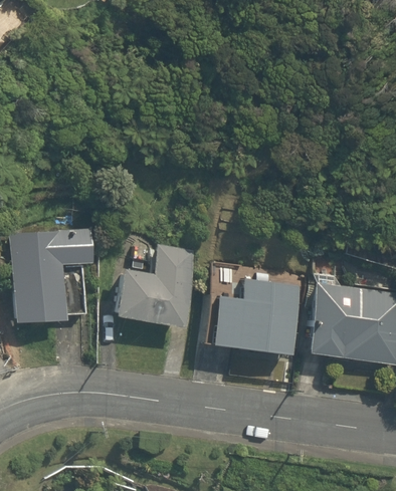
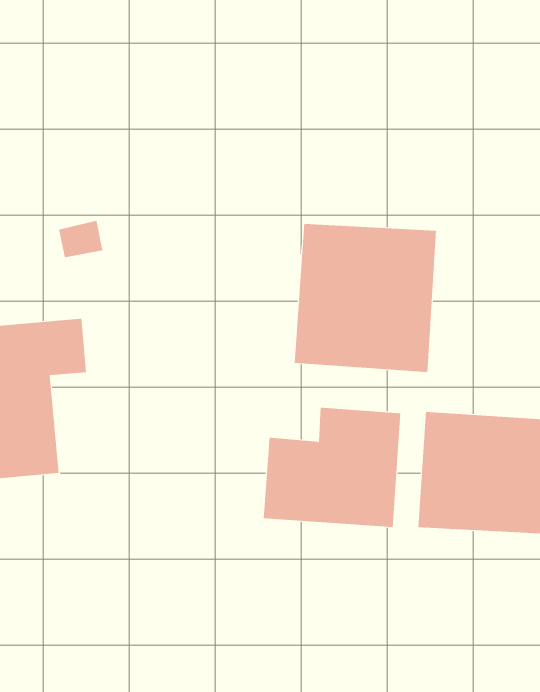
building: none -> [294,223,437,373]
building: [120,245,191,329] -> none

